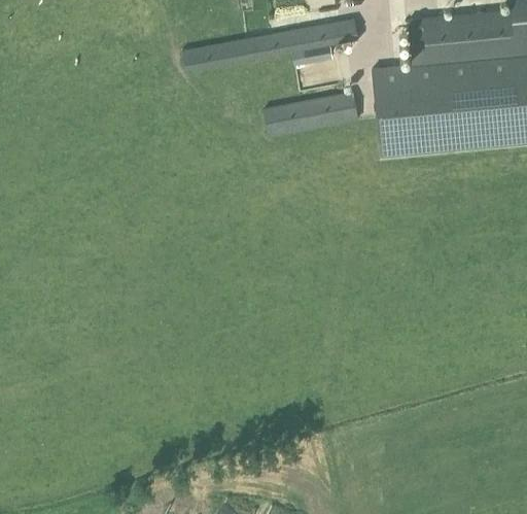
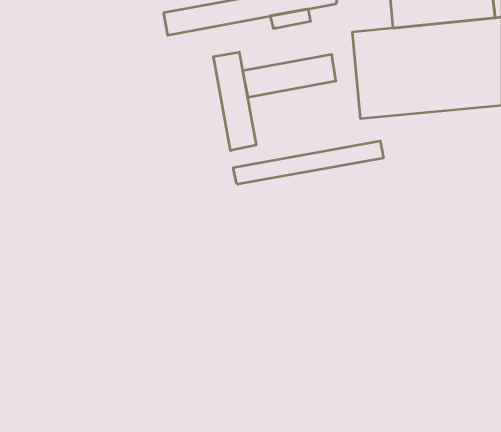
building: none -> [213,52,256,151]
building: none -> [233,141,383,184]

